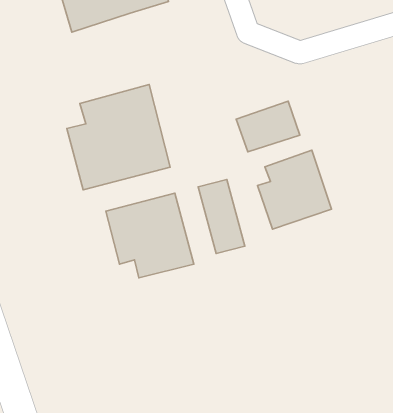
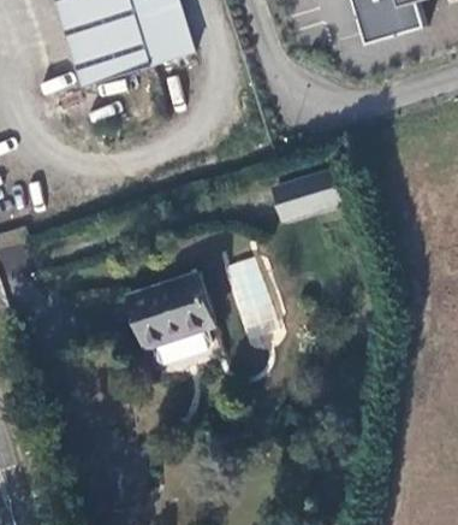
building: [67,84,170,190] -> none
building: [257,150,332,229] -> none

